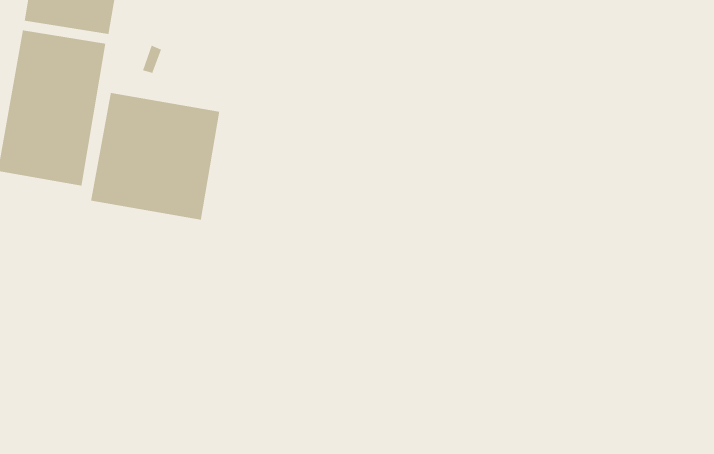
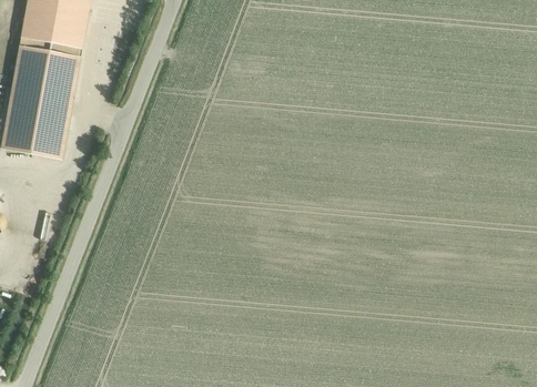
building: [91,92,220,220] -> none

